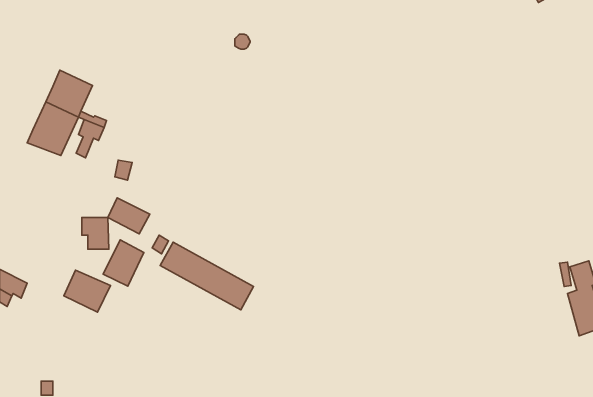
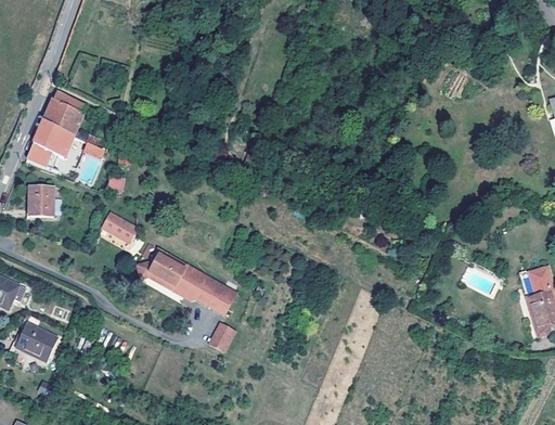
building: [82,218,109,249] -> [28,186,53,216]
building: [103,240,144,286] -> none
building: [64,270,110,312] -> [15,323,59,362]
building: none -> [208,320,236,351]

